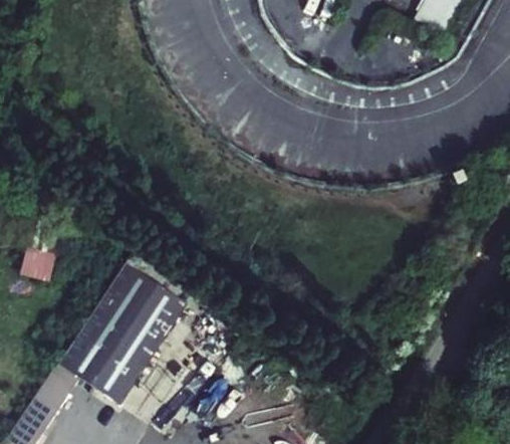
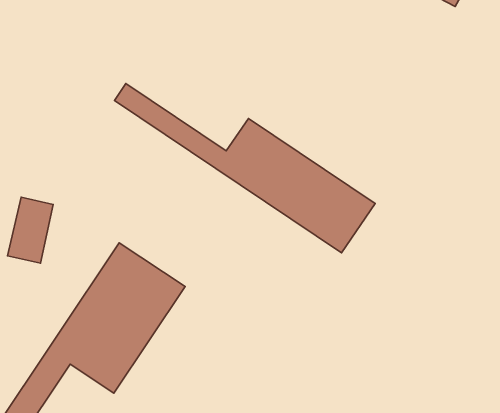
building: none -> [115,84,375,253]

